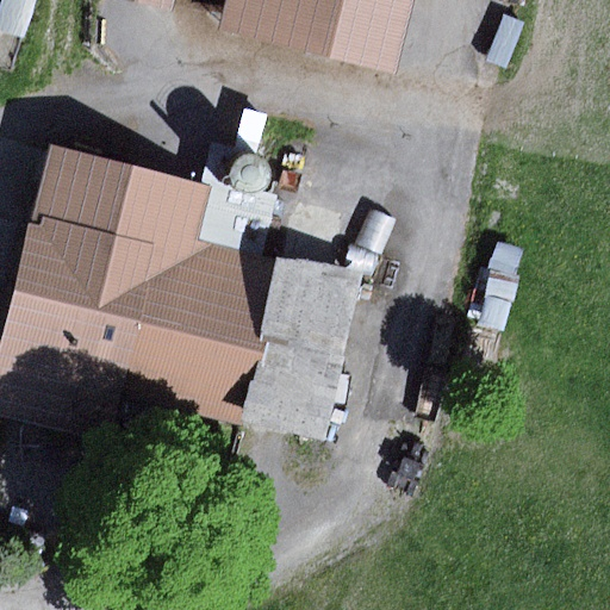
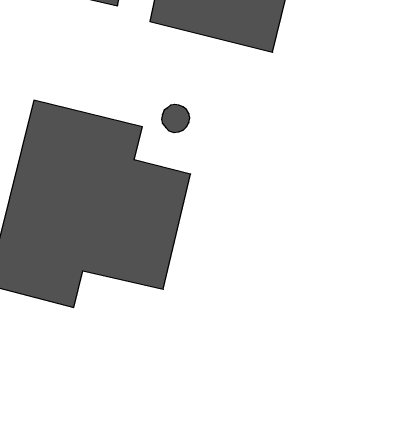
building: [235,250,363,437] -> none

